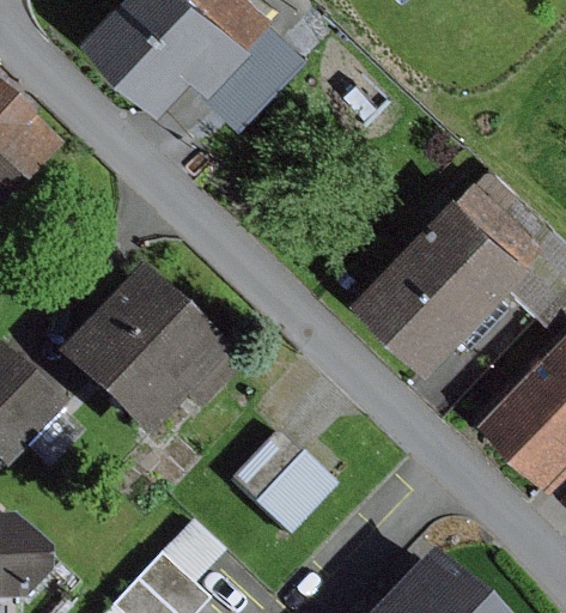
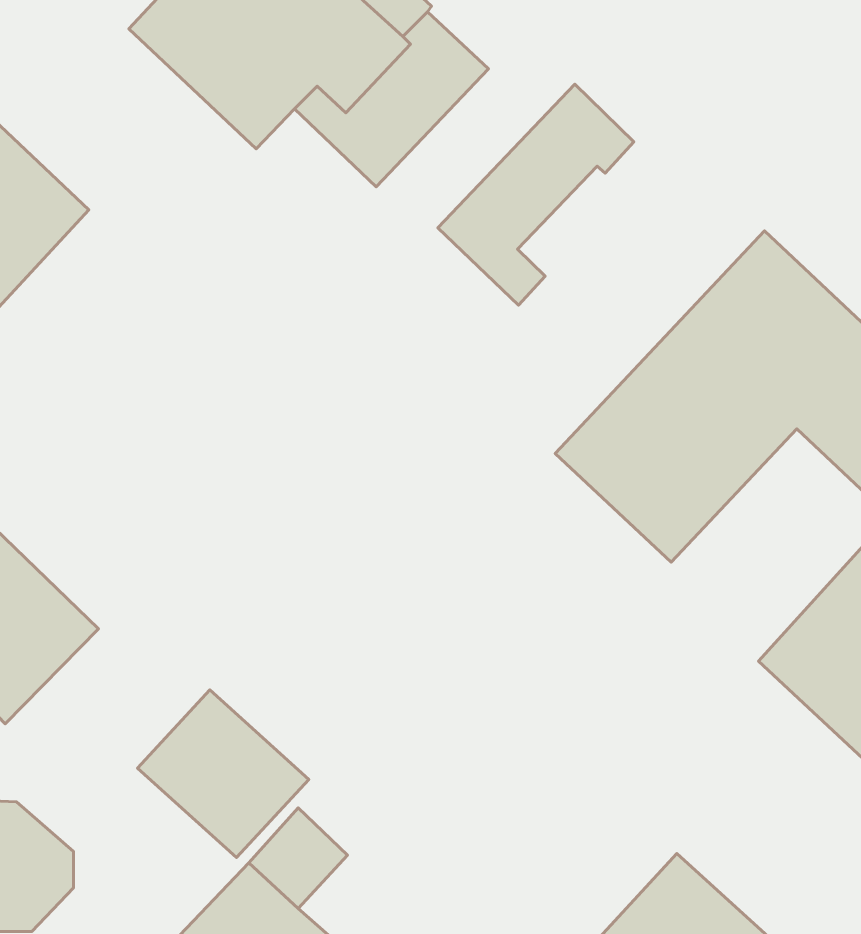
building: none -> [438,84,634,305]
building: [57,265,239,438] -> none
building: [230,430,337,535] -> [138,690,309,858]

